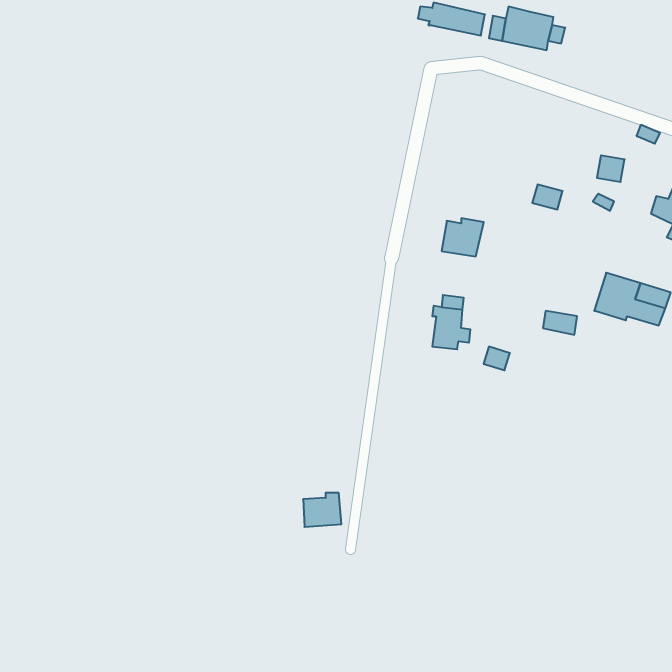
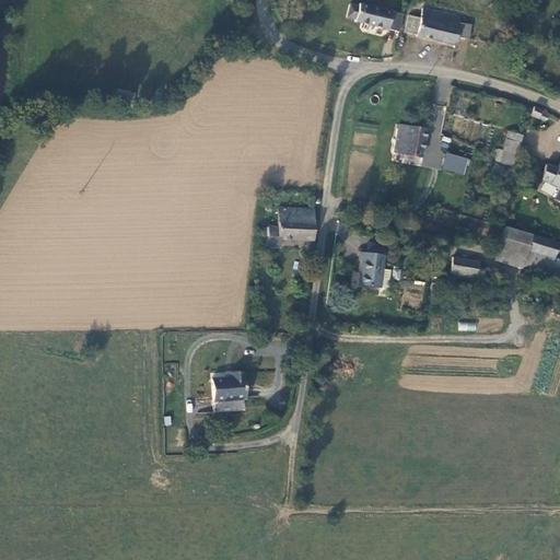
building: [442,218,484,256] -> [394,124,429,155]
building: none -> [269,206,315,246]
building: [303,493,341,527] -> [213,376,245,405]

